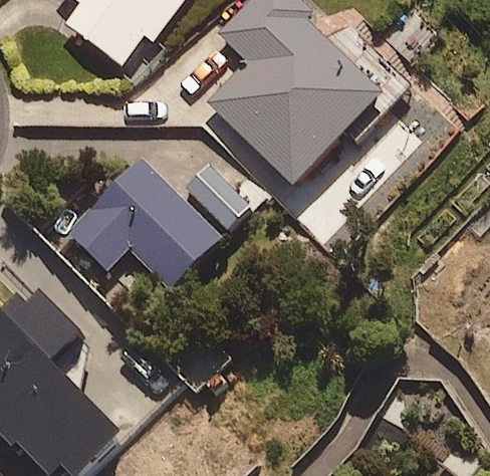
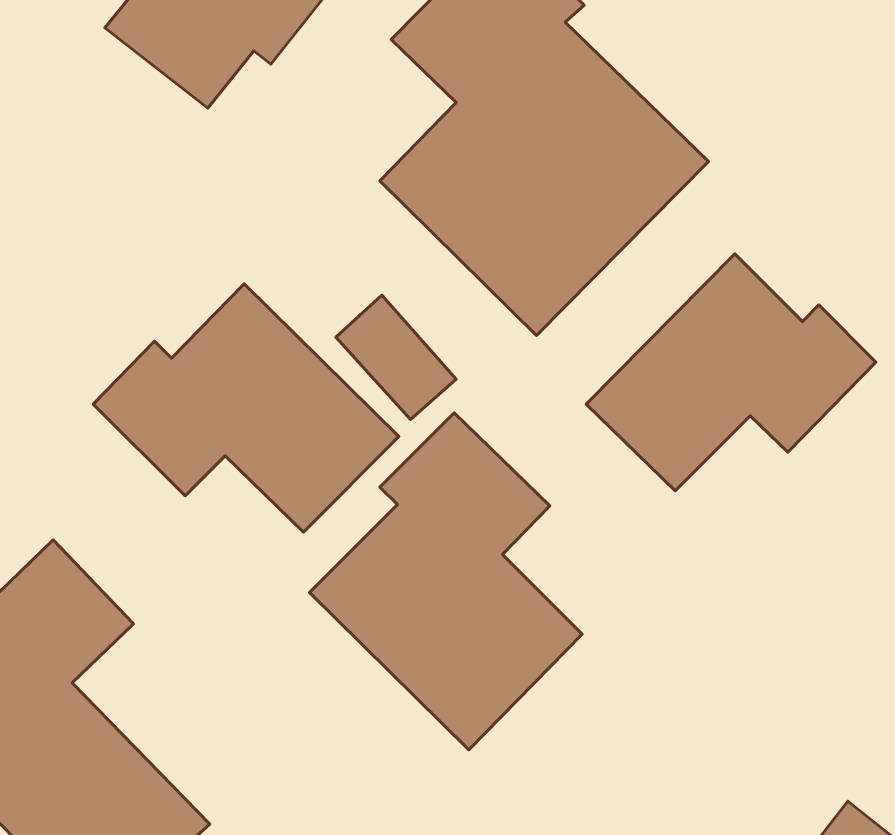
building: none -> [586,254,876,491]
building: none -> [310,413,582,750]

